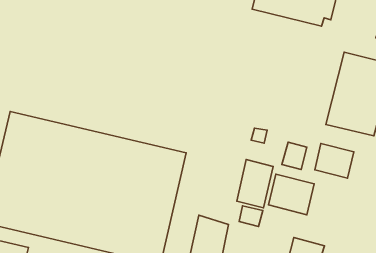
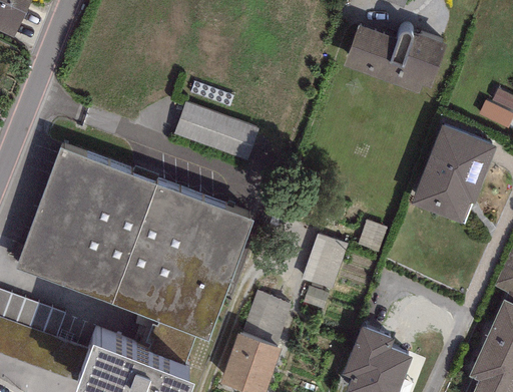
building: none -> [173,100,260,158]
building: [315,143,354,178] -> none
building: [269,174,314,215] -> none

